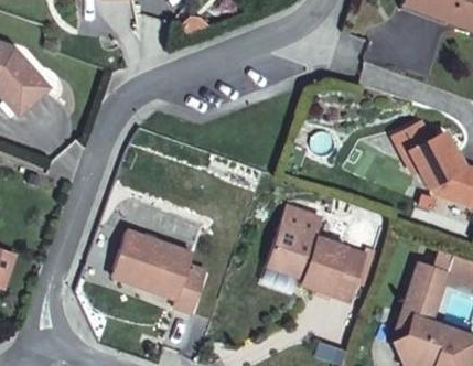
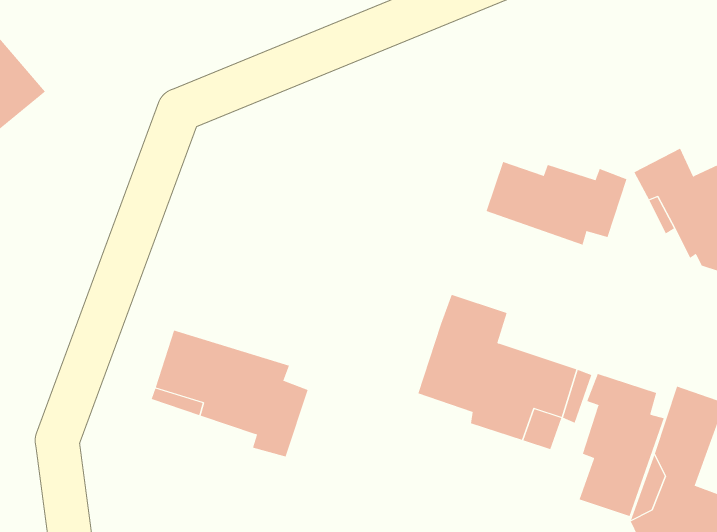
building: none -> [486,161,627,245]
building: none -> [579,373,664,517]

